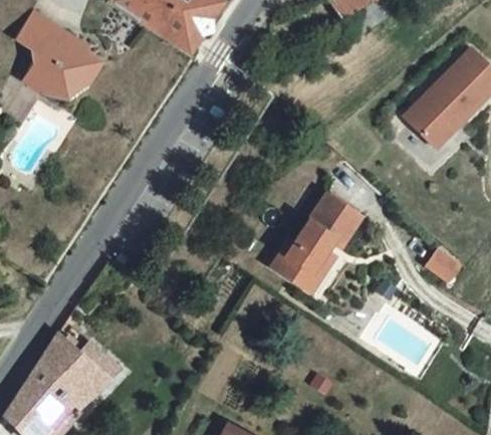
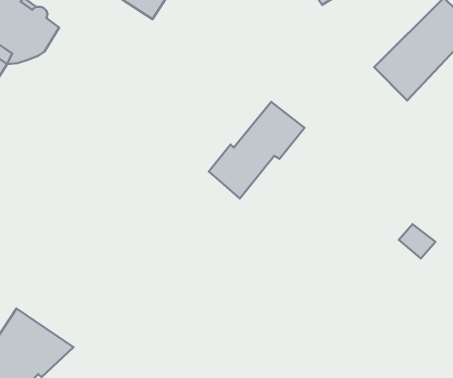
building: [278,195,371,288] -> [209,102,304,198]

